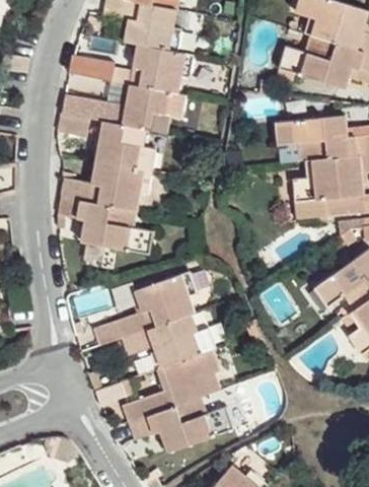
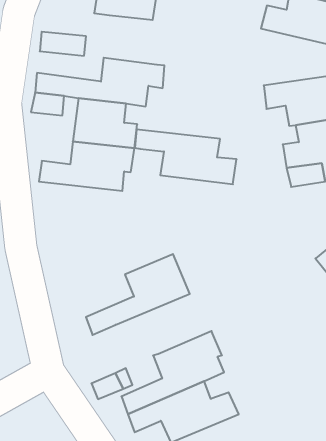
building: [129,45,194,94] -> none
building: [57,197,152,255] -> [135,130,237,184]
building: [123,314,216,367] -> none

